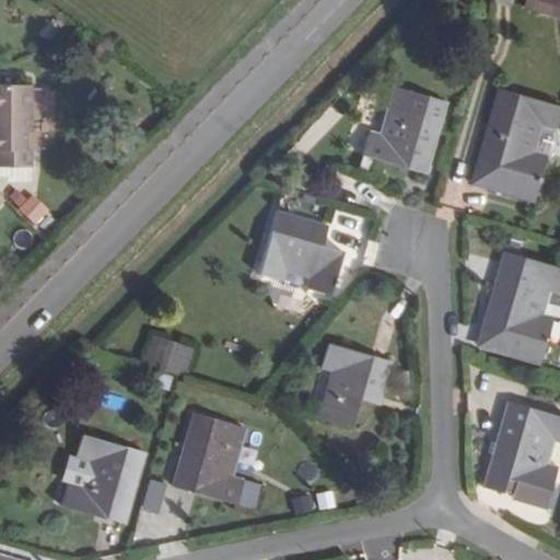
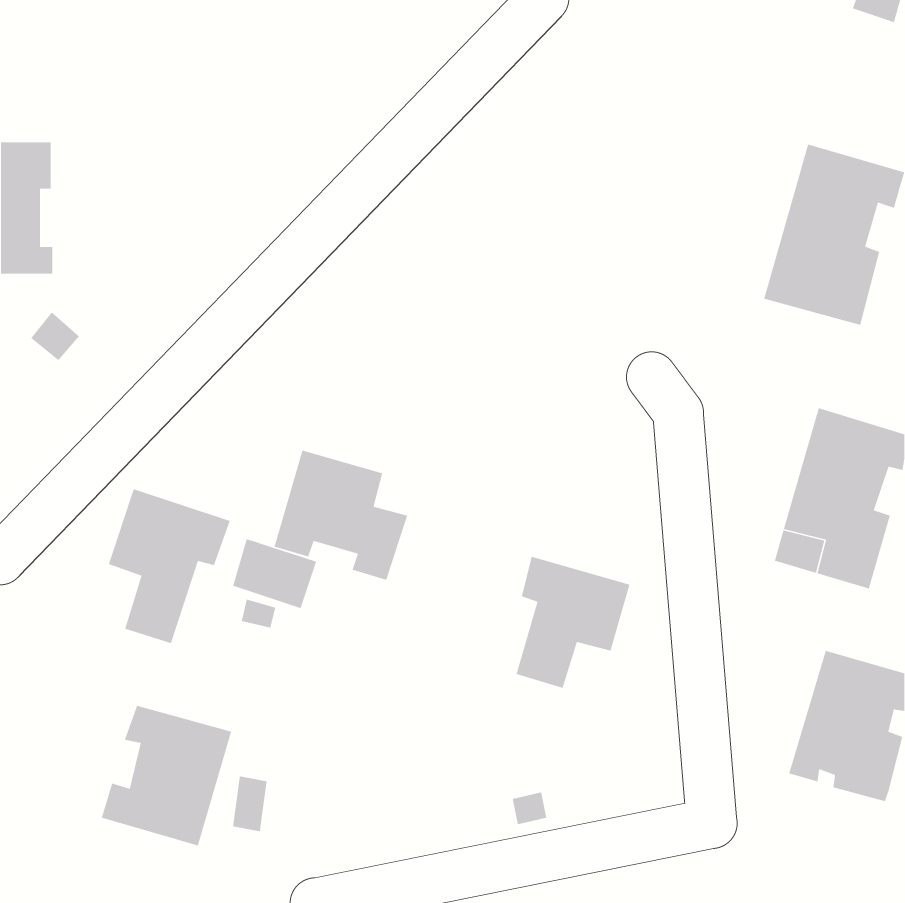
building: [365,90,443,168] -> none
building: [259,212,342,293] -> [274,450,408,581]
building: none -> [108,488,231,644]
building: [175,412,245,502] -> none

